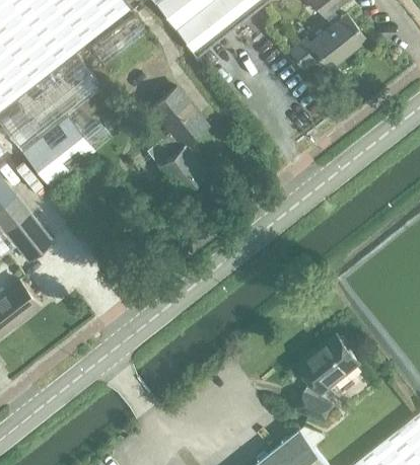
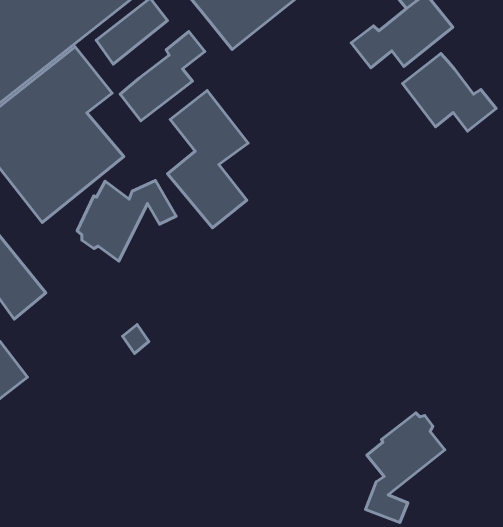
building: none -> [120,31,205,121]
building: none -> [403,54,496,131]
building: none -> [77,181,176,261]

